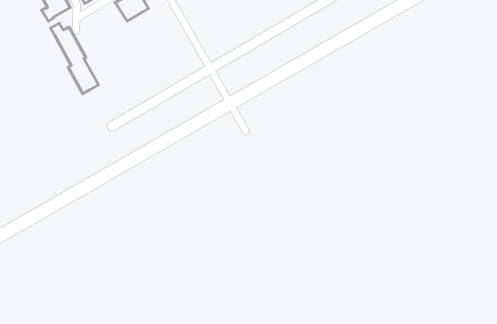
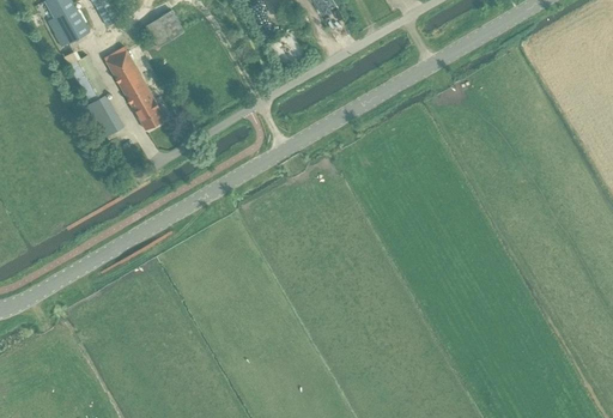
building: none -> [104,46,165,128]

